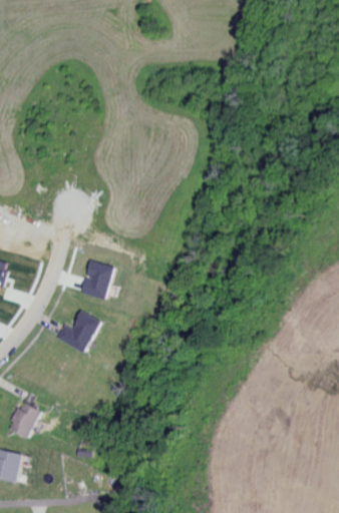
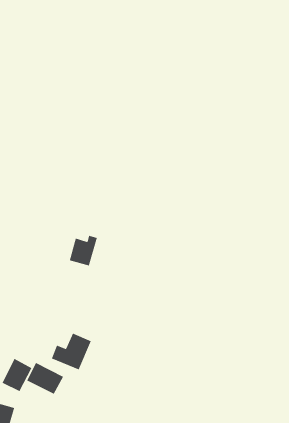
building: [57,311,102,353] -> [51,333,92,371]
building: none -> [26,362,64,395]

